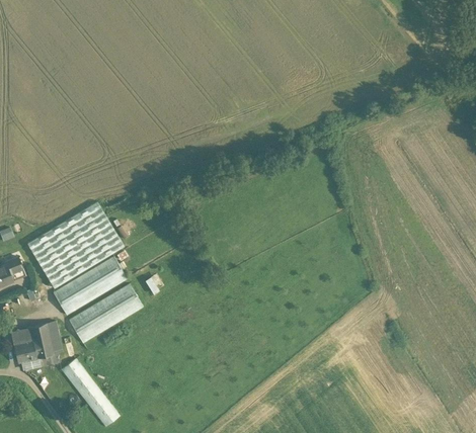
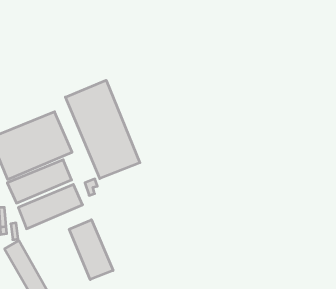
building: none -> [65,80,140,179]
building: none -> [69,220,113,280]

